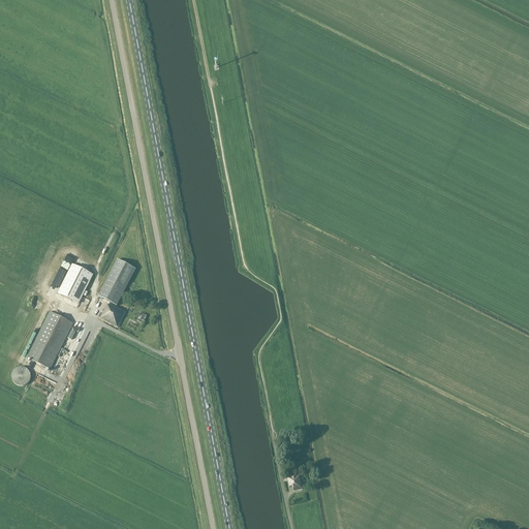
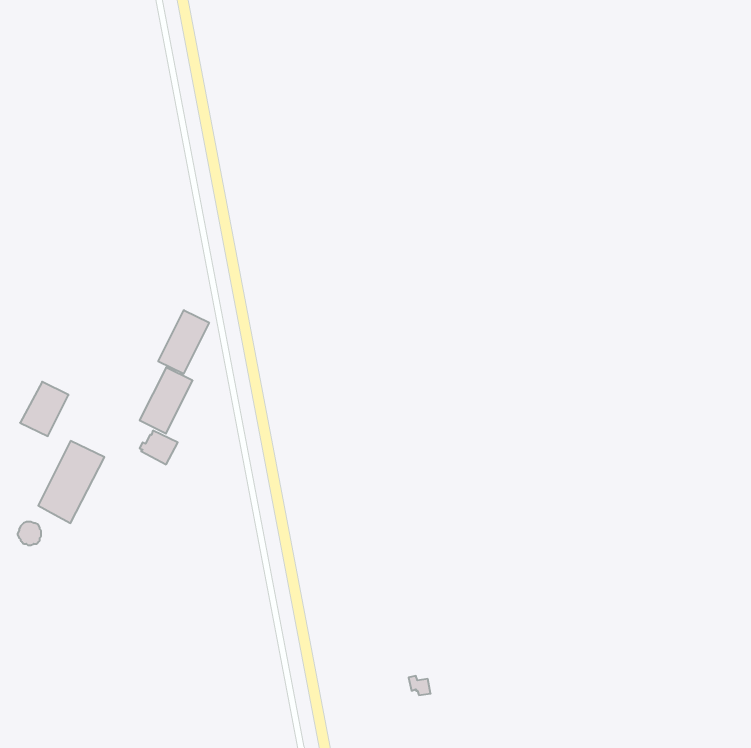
building: none -> [158,310,209,374]
building: [58,263,92,302] -> [20,382,69,436]

